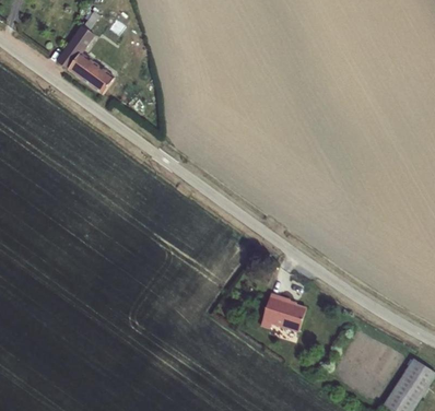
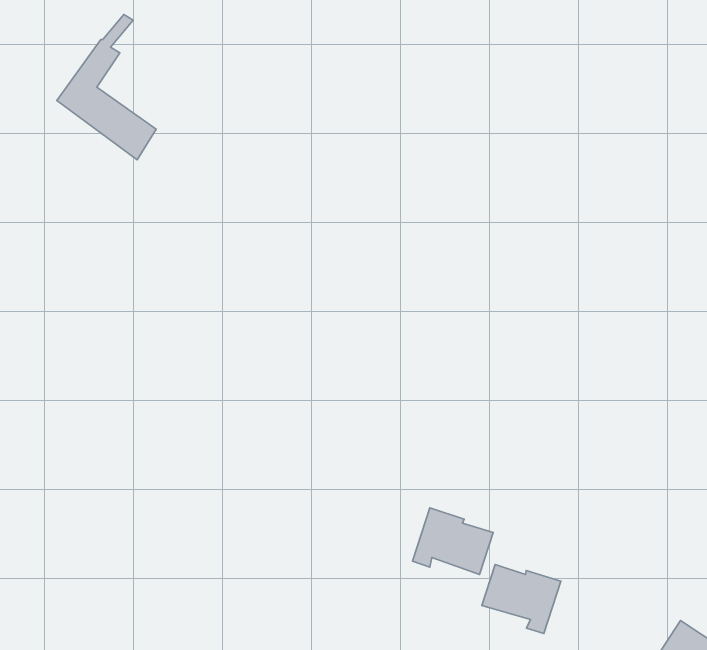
building: none -> [482,565,561,633]

